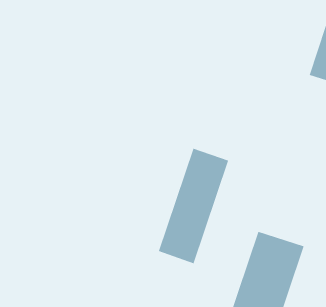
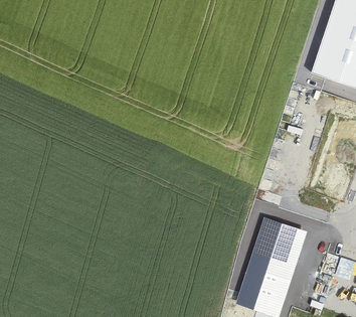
building: [158,148,229,264] -> none

